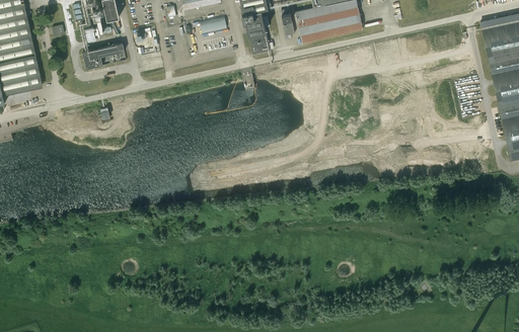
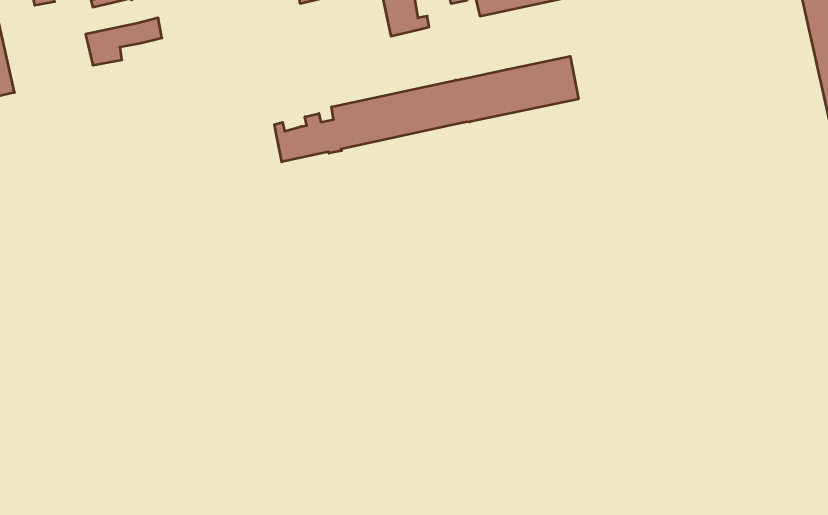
building: none -> [274,56,578,162]

